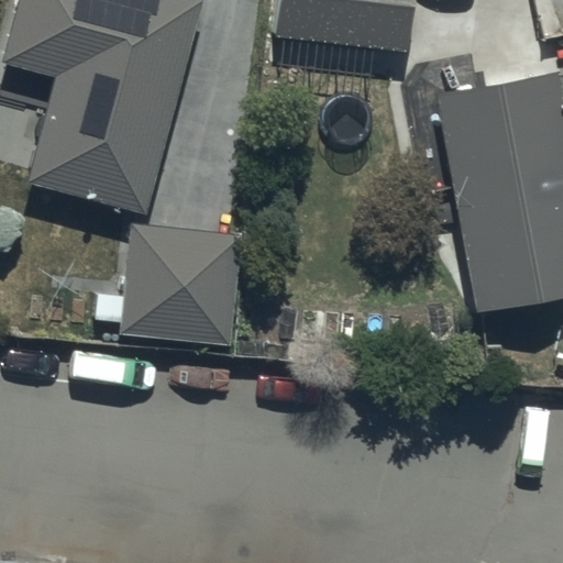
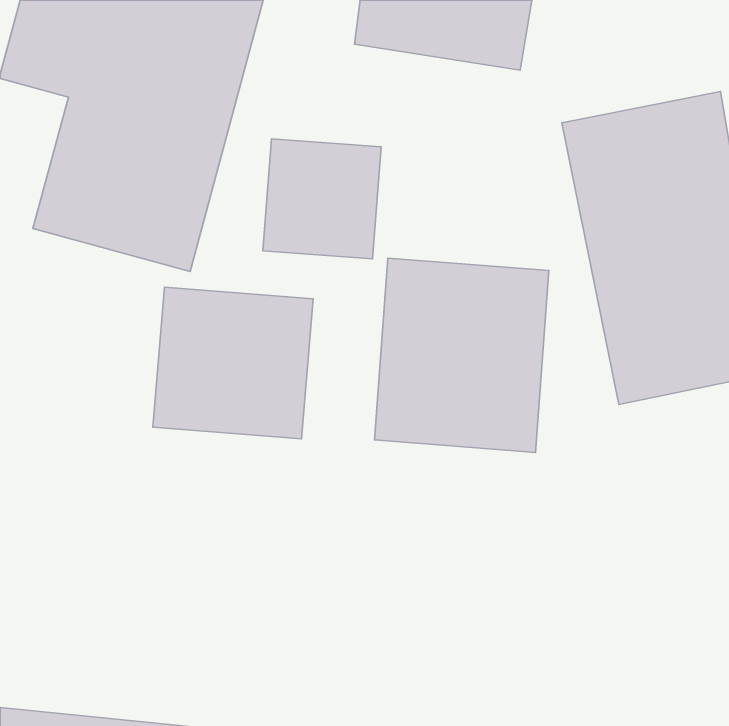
building: none -> [263,139,381,259]
building: none -> [374,258,549,452]

